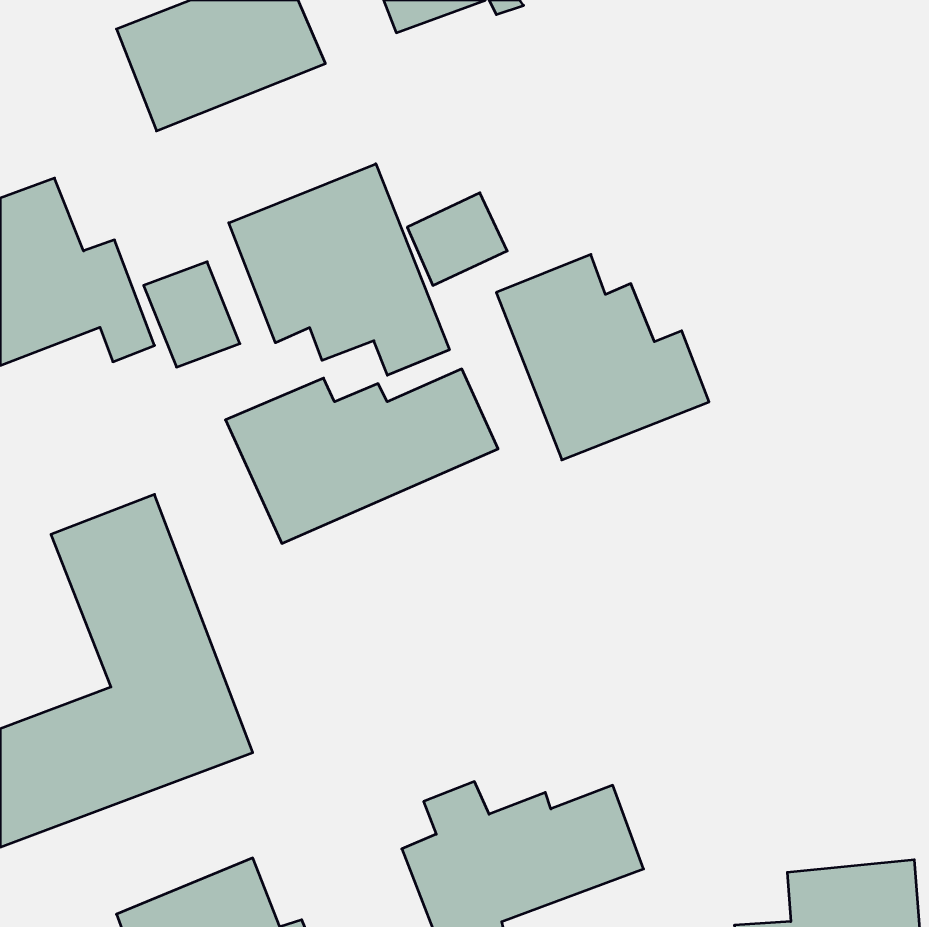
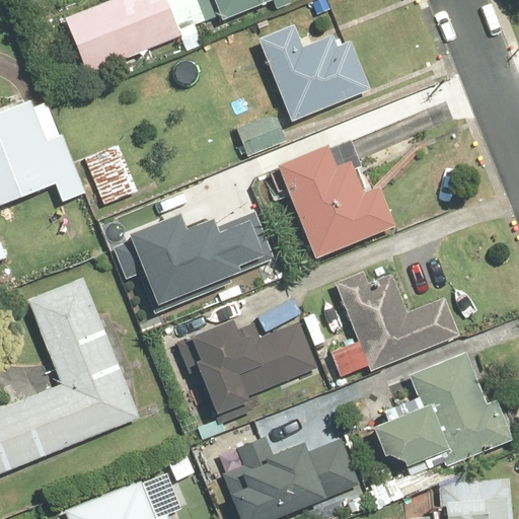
building: none -> [257,24,372,121]
building: [229,164,449,375] -> none
building: none -> [330,271,462,377]
building: none -> [176,321,319,427]
building: none -> [373,353,513,473]

